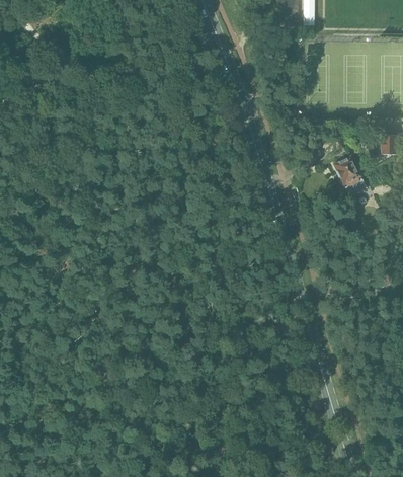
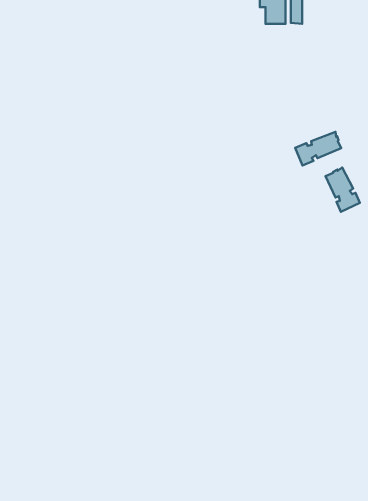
building: none -> [295,132,341,166]

